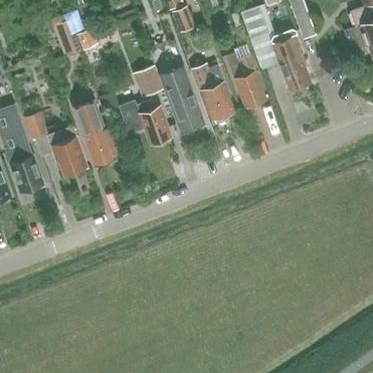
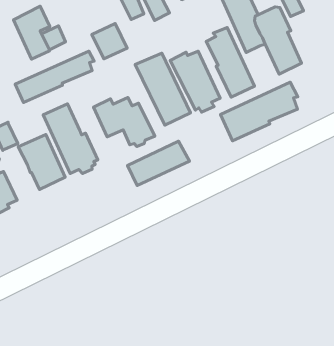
building: none -> [15,51,94,102]
building: [133,66,164,98] -> [92,24,127,59]
building: none -> [220,82,298,141]
building: none -> [128,141,189,186]

